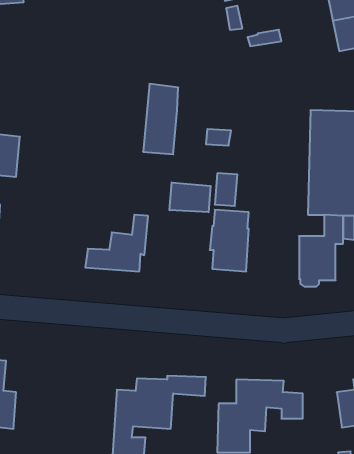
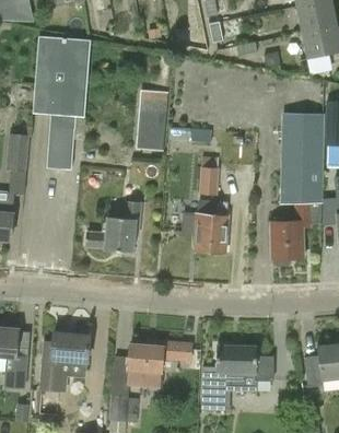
building: none -> [33,37,89,169]
building: [170,182,211,212] -> none
building: none -> [38,333,91,391]

